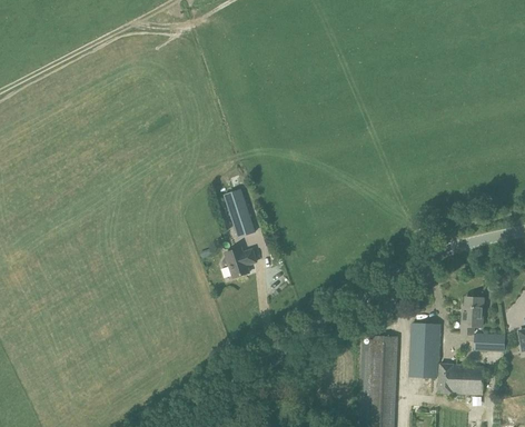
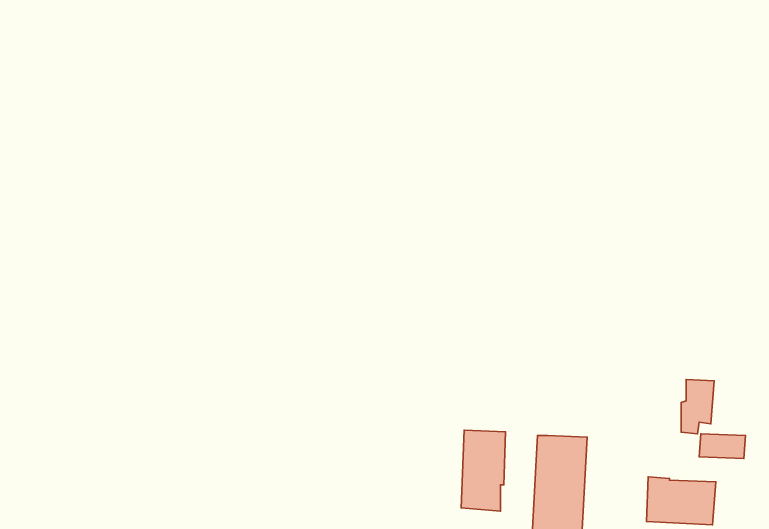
building: [224,188,256,237] -> none
building: [222,248,256,277] -> none
building: [410,324,440,378] -> [461,430,506,511]

